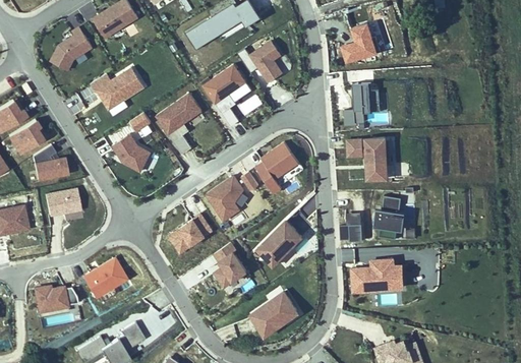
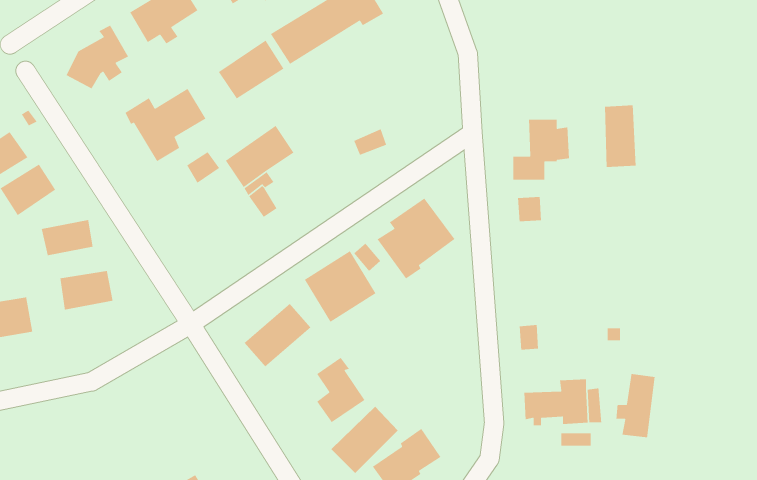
building: [339,18,379,62] -> none
building: [249,40,284,83] -> none
building: [202,64,246,104] -> [218,39,284,100]
building: [114,136,152,173] -> none
building: [365,138,387,180] -> [604,104,637,168]
building: [373,196,400,239] -> [615,373,656,438]
building: [257,222,302,266] -> [330,406,398,474]
building: [81,253,127,295] -> none
building: [34,282,75,308] -> none

